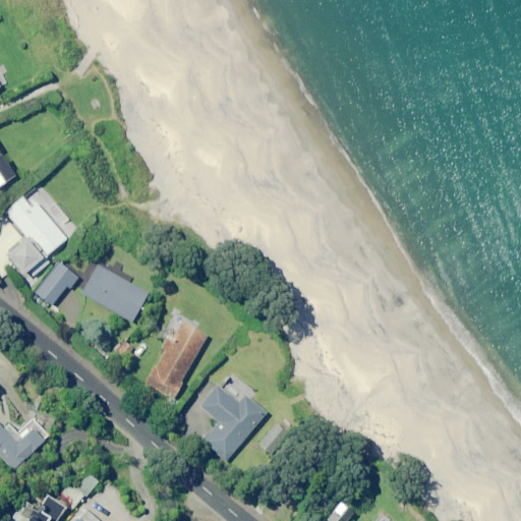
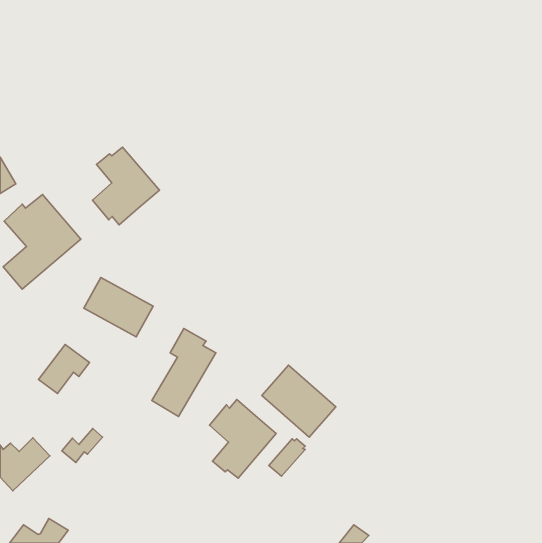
building: none -> [92,147,159,225]
building: [33,259,81,306] -> [38,345,89,393]
building: none -> [262,365,336,437]
building: [60,474,99,507] -> [62,429,102,463]

